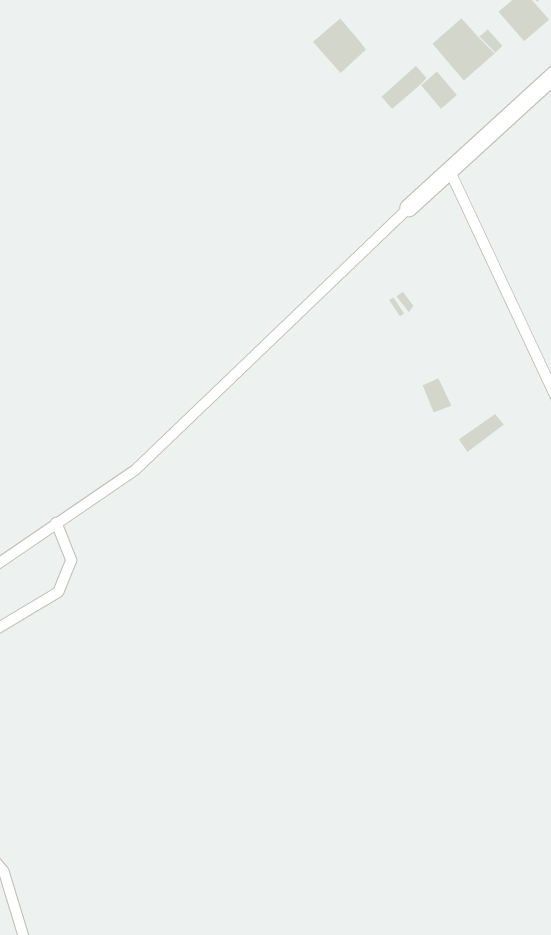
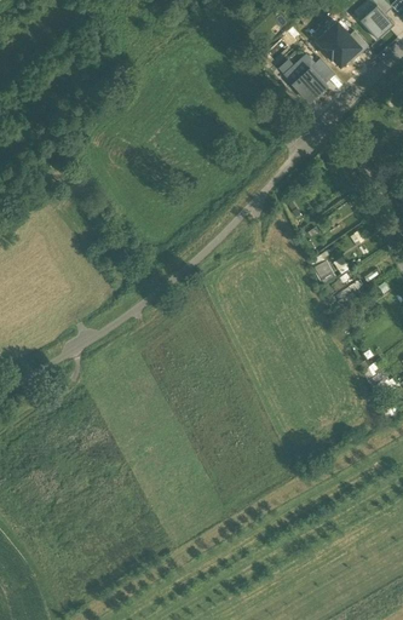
building: [312,17,367,74] -> [290,67,326,103]

